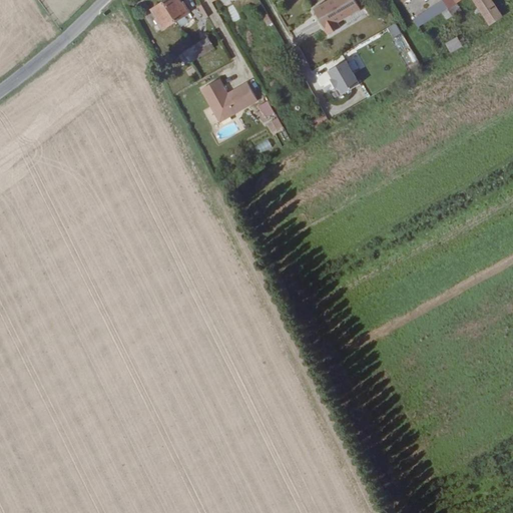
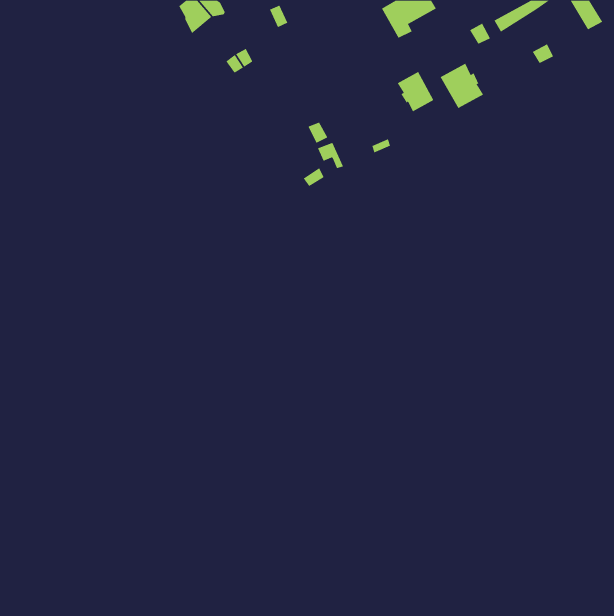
building: none -> [440,63,484,109]
building: [201,75,258,117] -> none

